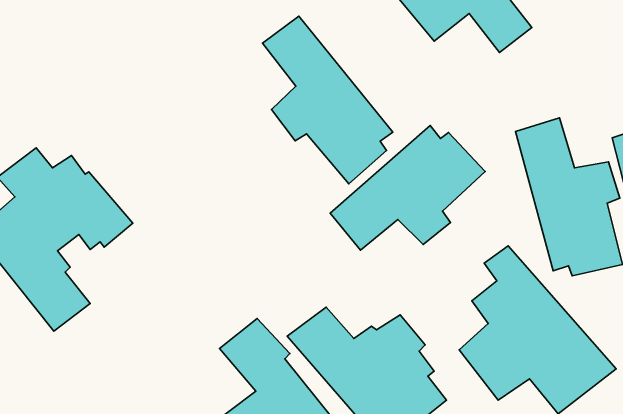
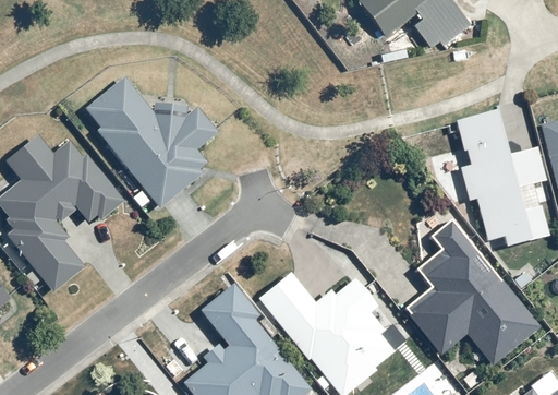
building: [263,16,393,184] -> none
building: none -> [86,74,219,204]
building: [330,125,485,250] -> none

